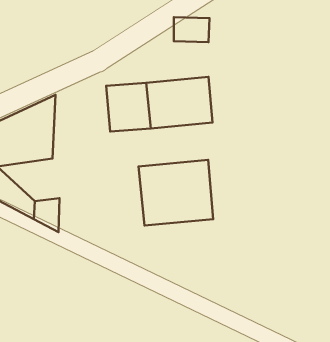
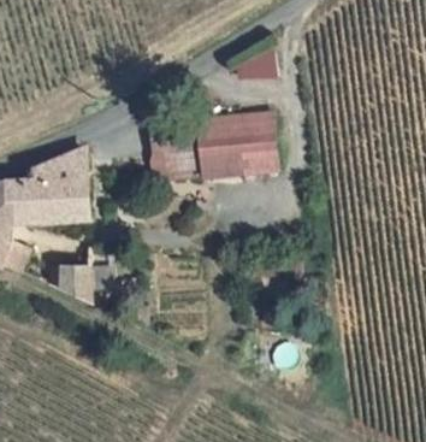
building: [139,160,213,225] -> none

